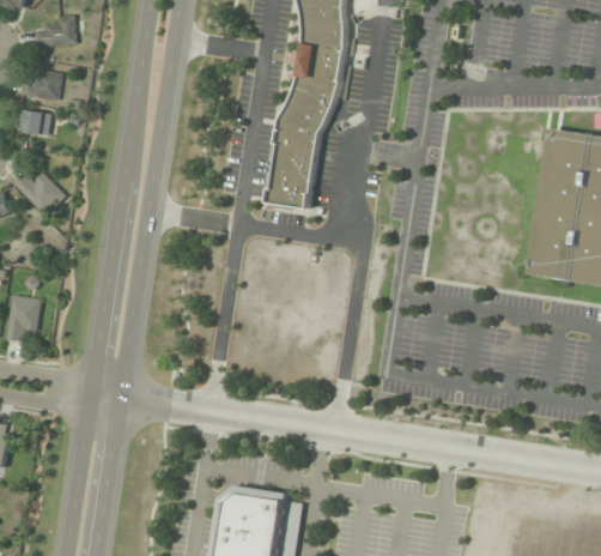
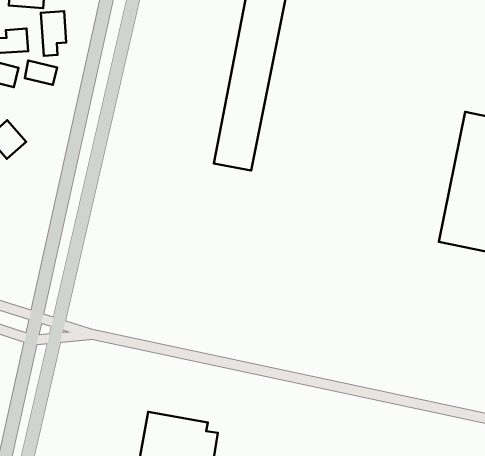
building: none -> [41,11,66,56]
building: none -> [25,60,57,85]

